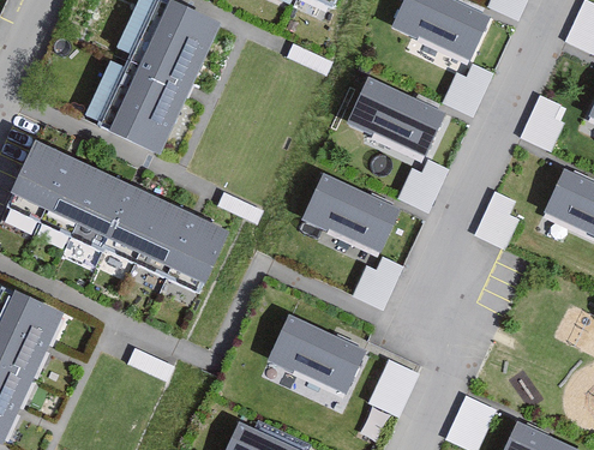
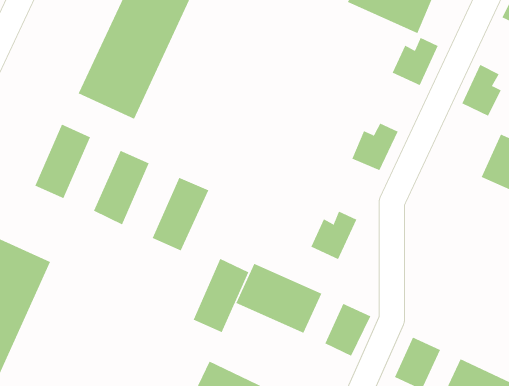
building: [348,77,445,155] -> none
building: [16,146,77,228] -> none
building: [301,173,401,253] -> none
building: [79,174,142,256] -> none
building: [474,191,520,248] -> none
building: [144,203,206,286] -> [193,258,249,333]

